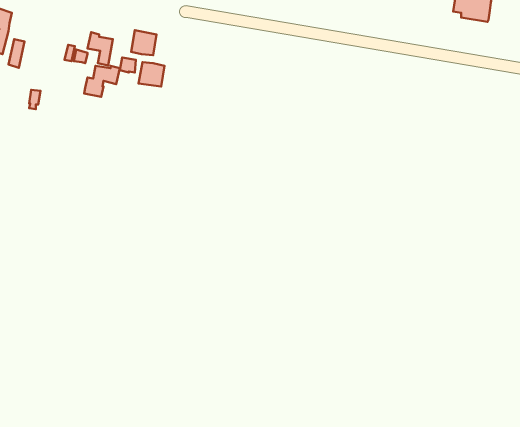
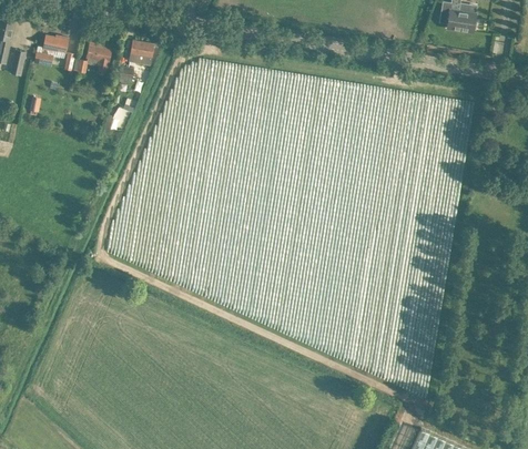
building: [139,62,165,86] -> none
building: [84,66,120,97] -> [34,35,69,65]

